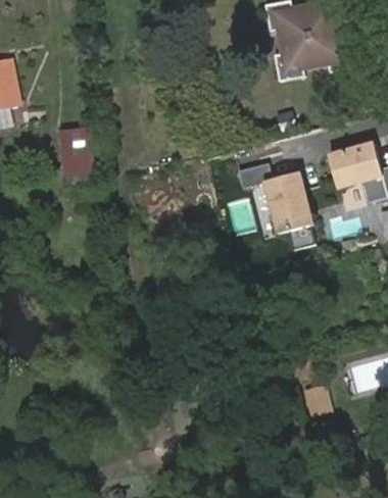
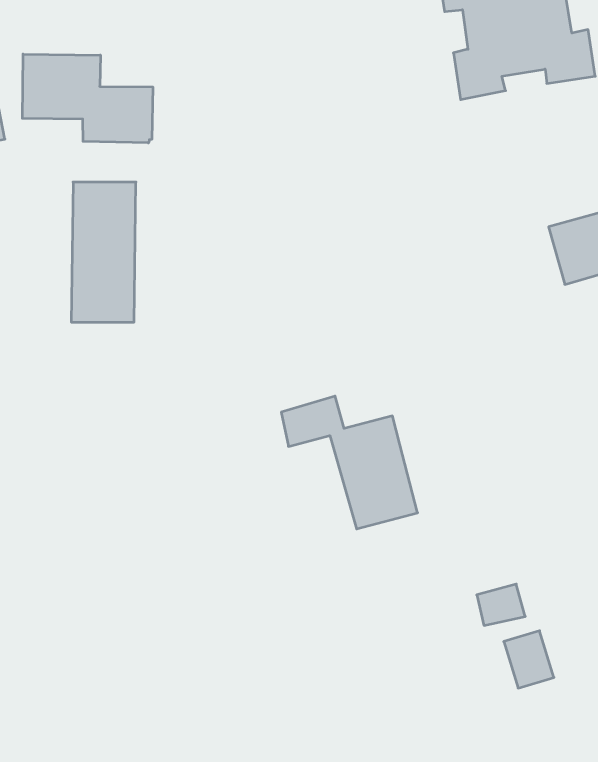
building: none -> [22,54,153,143]
building: [238,164,316,240] -> [281,396,418,529]

